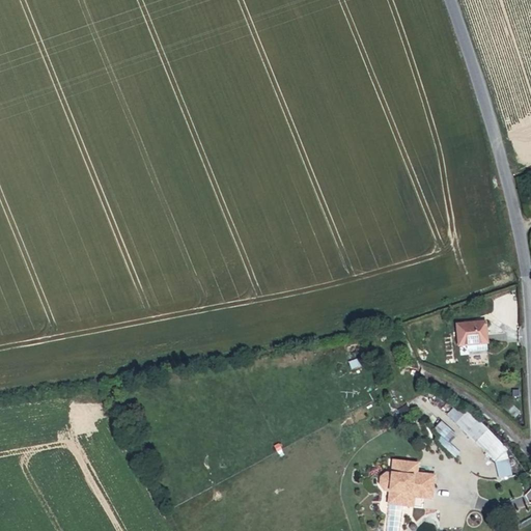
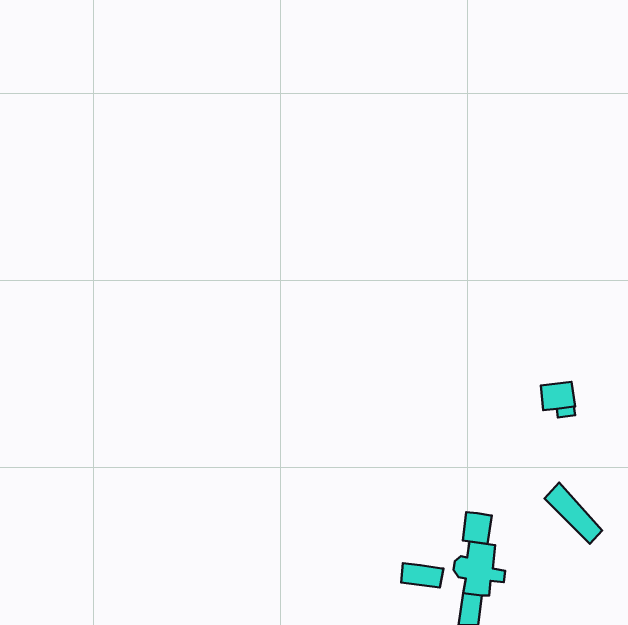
building: none -> [463,512,492,544]
building: none -> [401,563,443,588]

